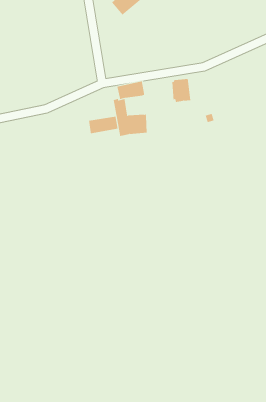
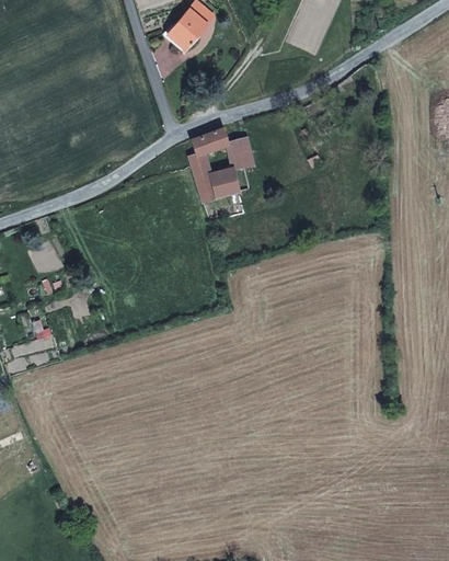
building: [171,78,191,103] -> [222,137,251,170]
building: [89,116,118,134] -> none

